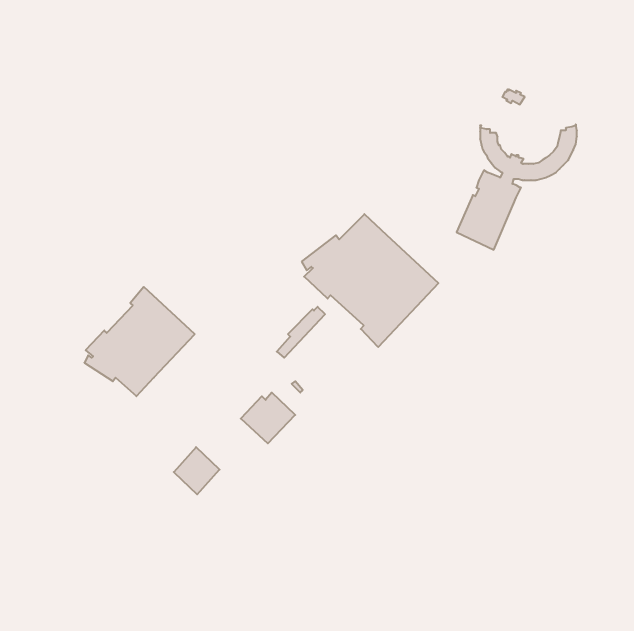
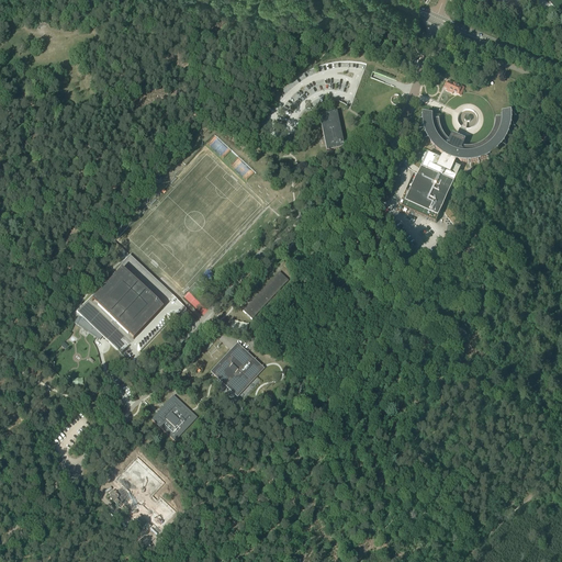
building: none -> [318,109,344,148]
building: [302,214,438,347] -> none

